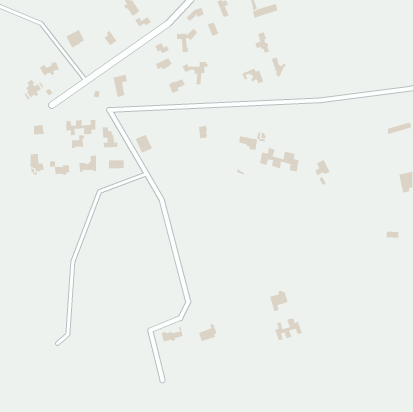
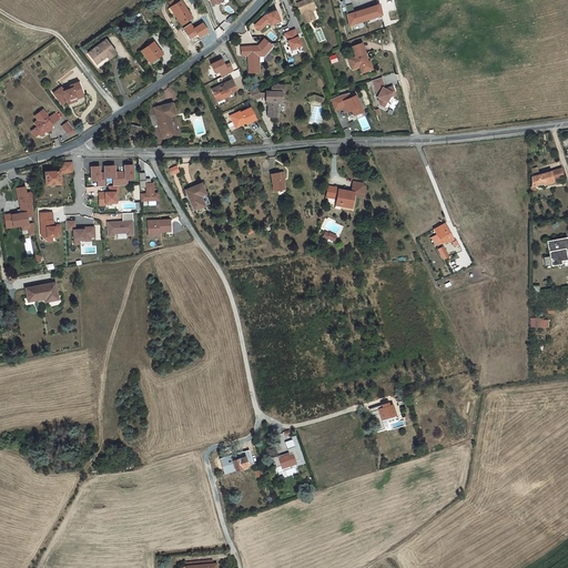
building: none -> [4,186,34,235]
building: [260,147,299,172] -> none
building: none -> [27,283,59,302]
building: [275,318,303,341] -> none

